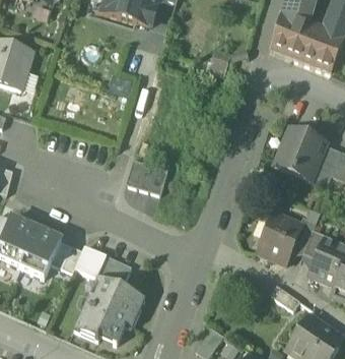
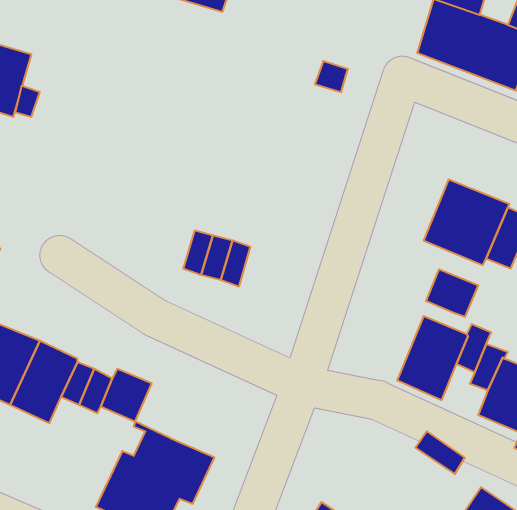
building: none -> [426,269,478,317]
building: [96,254,132,290] -> none

